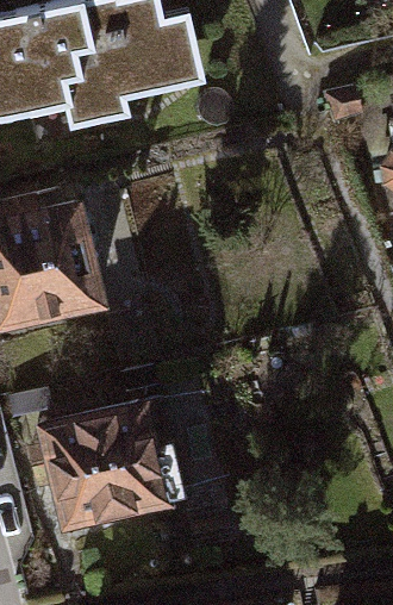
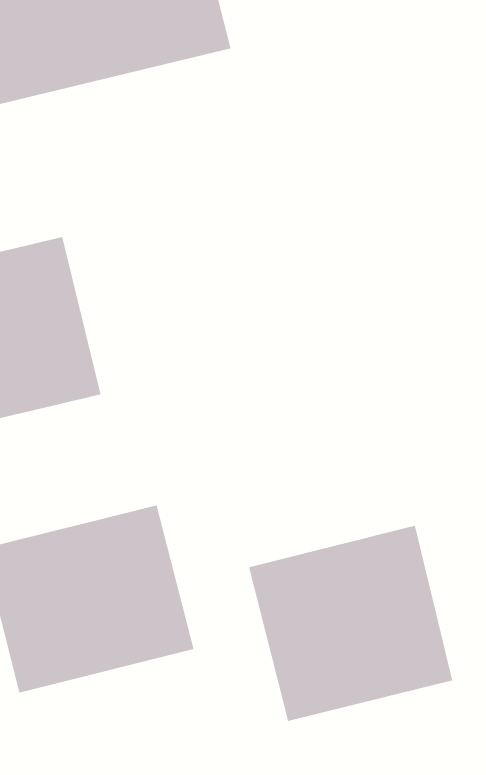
building: none -> [248,525,453,722]

